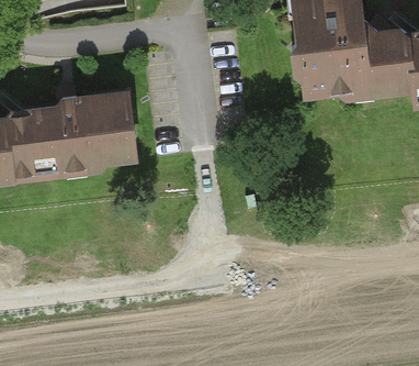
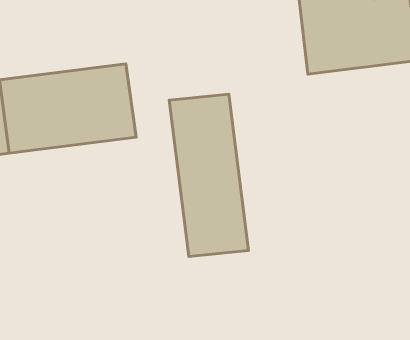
building: none -> [169,94,249,257]

